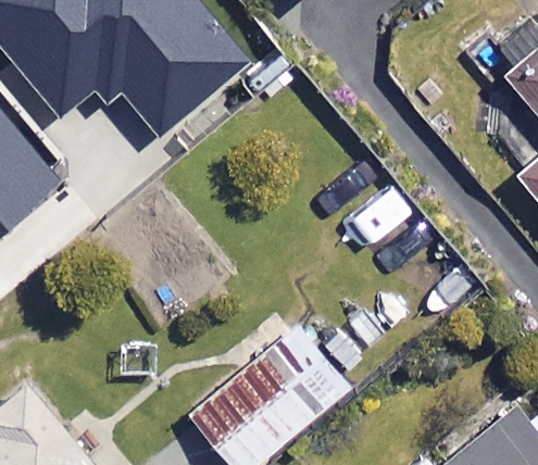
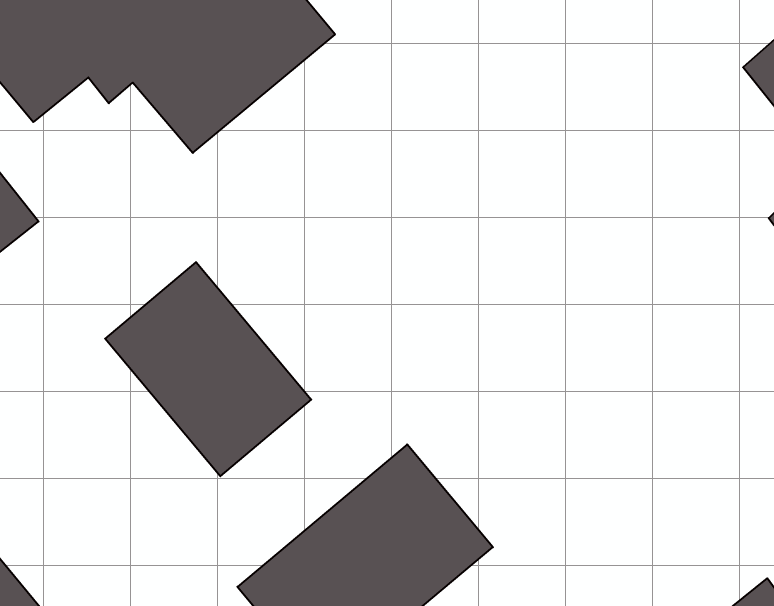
building: none -> [105,262,311,476]

